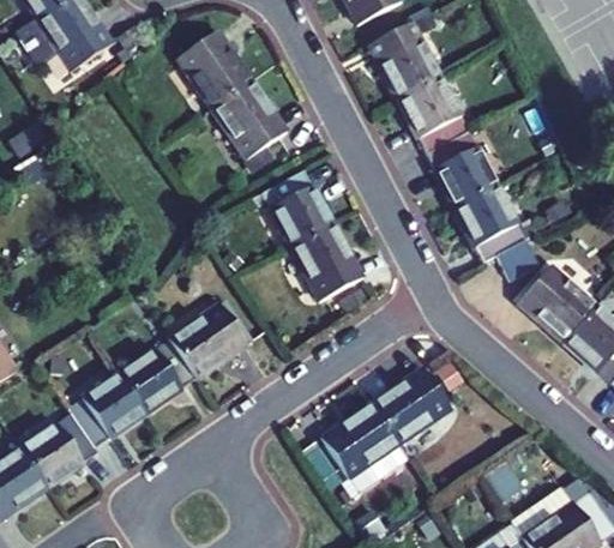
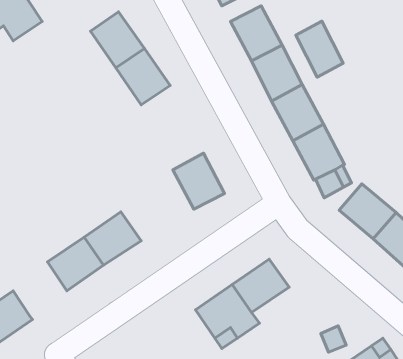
building: none -> [296,21,343,77]
building: [261,169,332,246] -> none
building: [68,372,145,446] -> none

